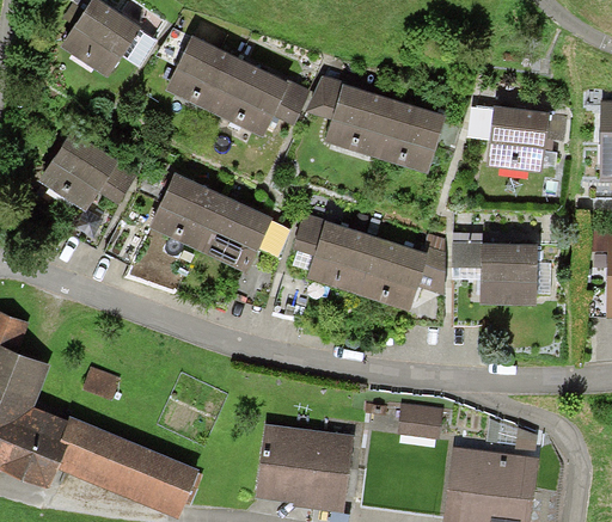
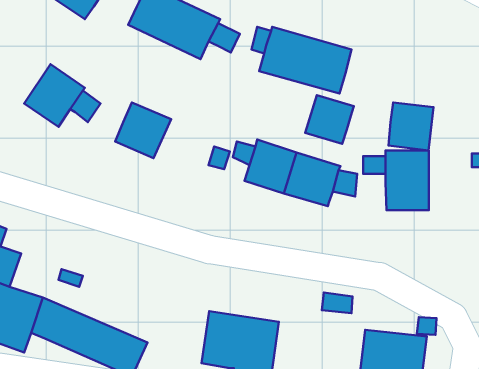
building: [490,115,545,173] -> [388,102,433,150]
building: none -> [305,95,354,144]
building: [198,198,268,266] -> none

